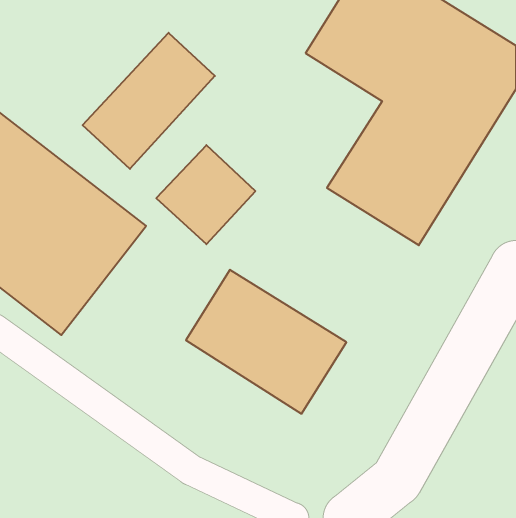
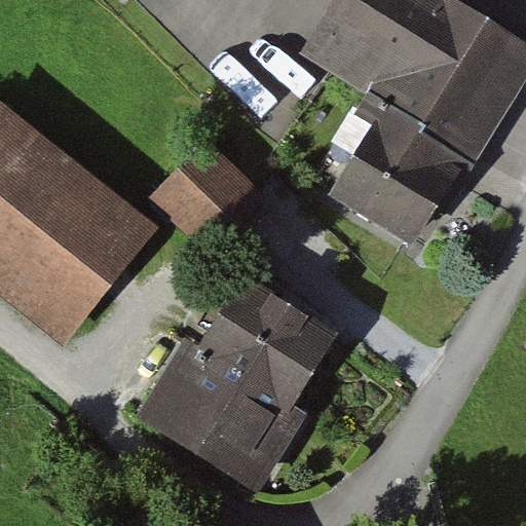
building: [83,33,215,169] -> none
building: none -> [142,342,303,487]

